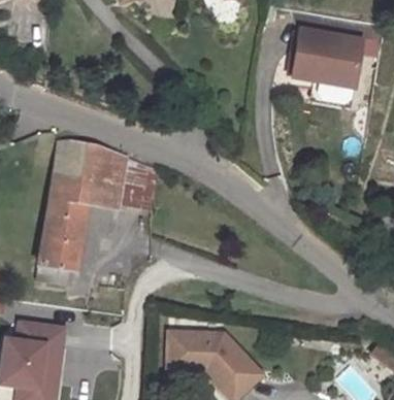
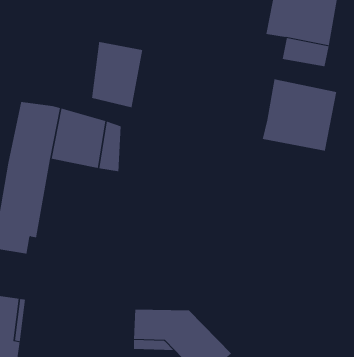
building: none -> [92,41,143,108]
building: none -> [262,79,337,152]

